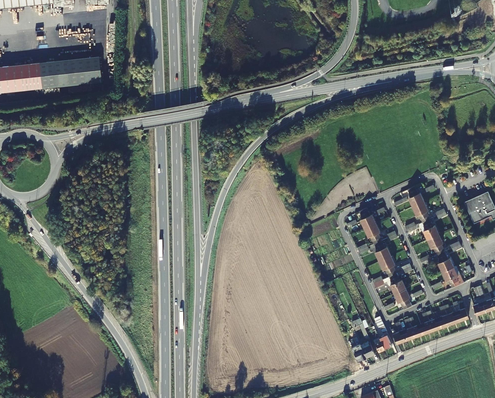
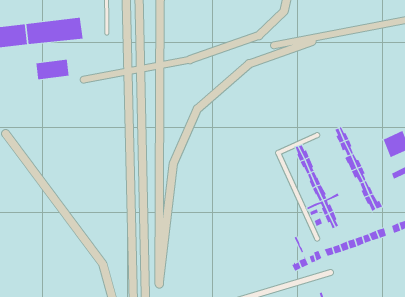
building: none -> [36,59,69,80]

